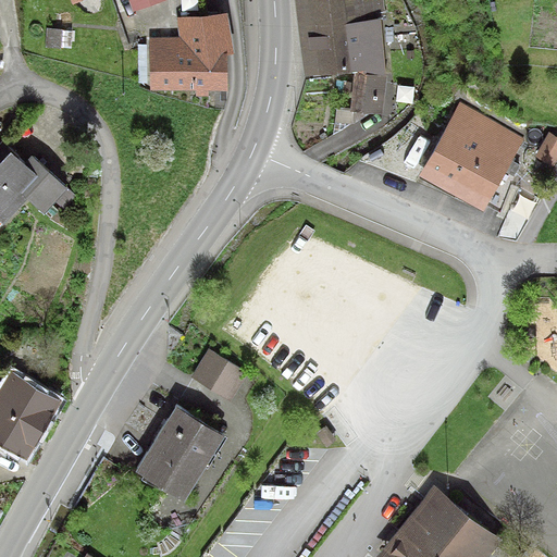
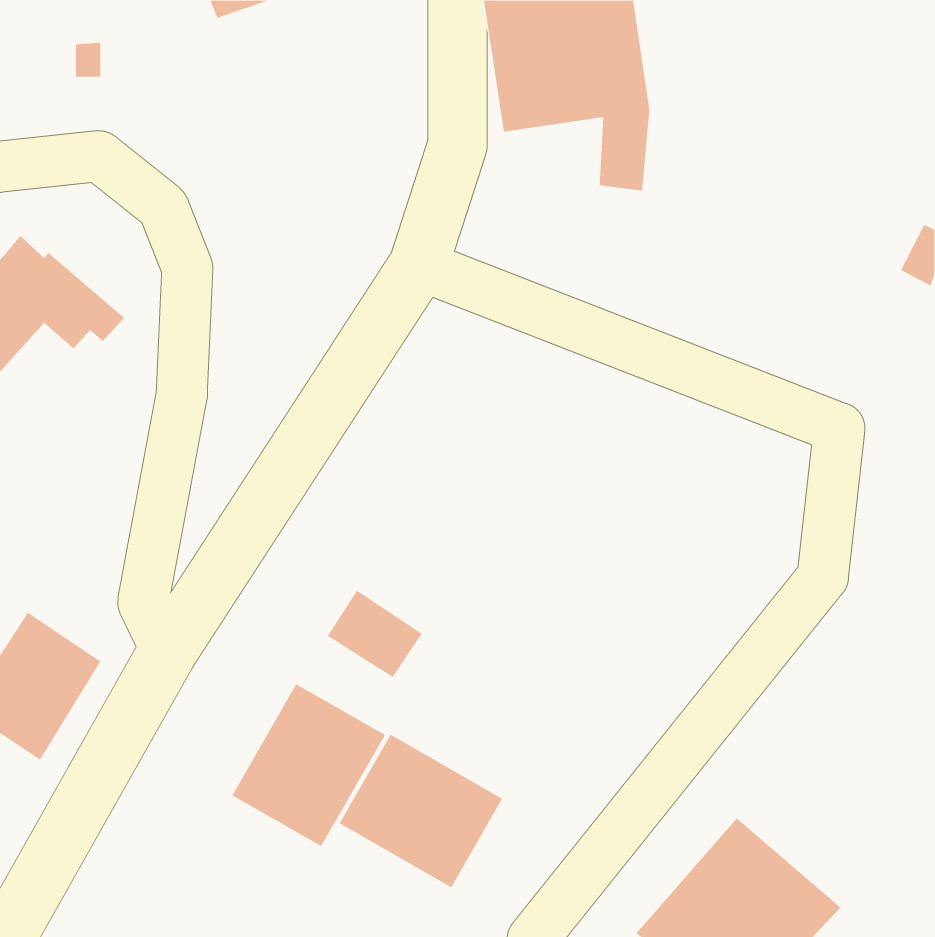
building: [146,15,226,95] -> none
building: [421,103,525,212] -> none
building: none -> [339,734,503,888]

